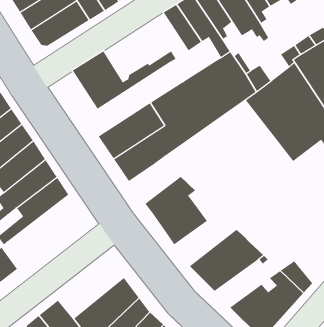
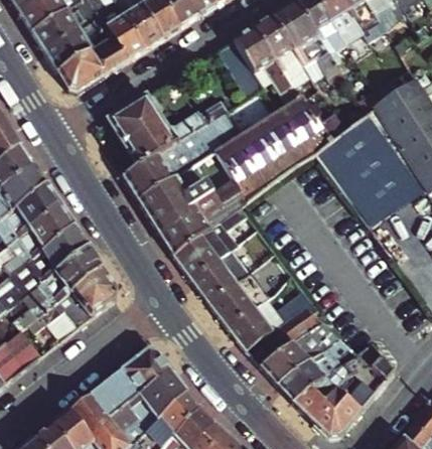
building: none -> [123,109,240,197]
building: none -> [174,231,224,278]
building: none -> [30,267,117,339]
building: none -> [229,298,303,352]
building: none -> [91,347,169,415]
building: none -> [277,348,342,402]

